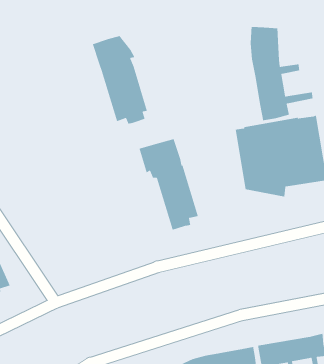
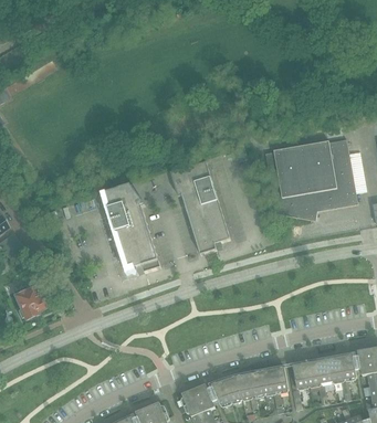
building: [250,26,314,121] -> none
building: [92,35,148,125] -> [104,184,159,273]

